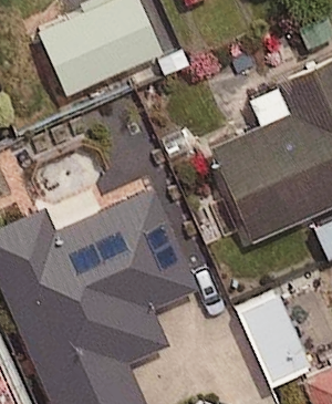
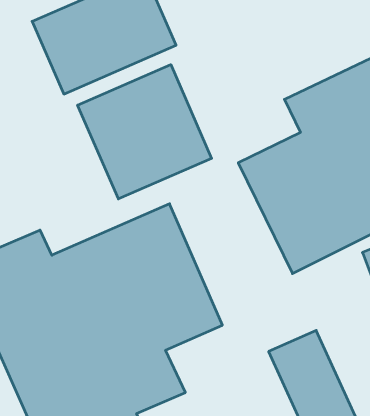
building: none -> [78,65,212,199]

